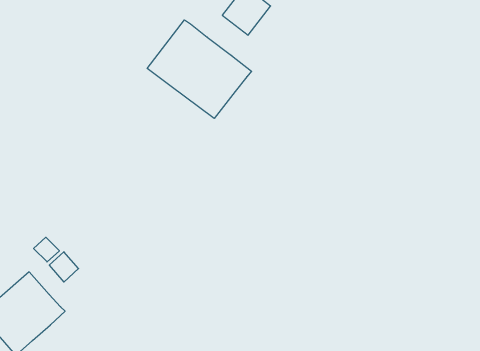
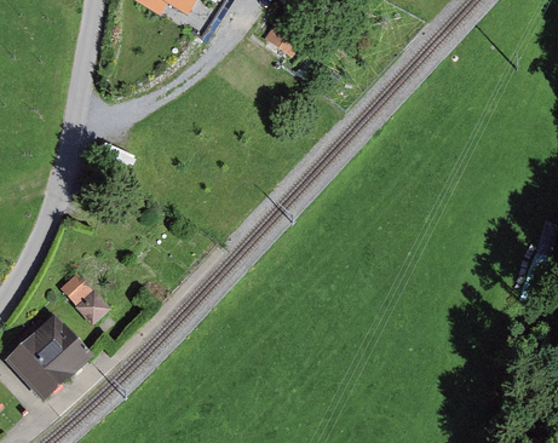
building: [147,20,252,118] -> none

